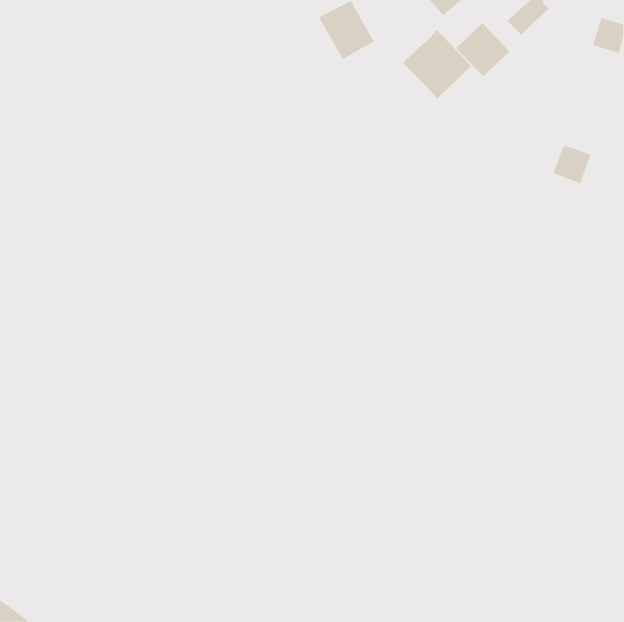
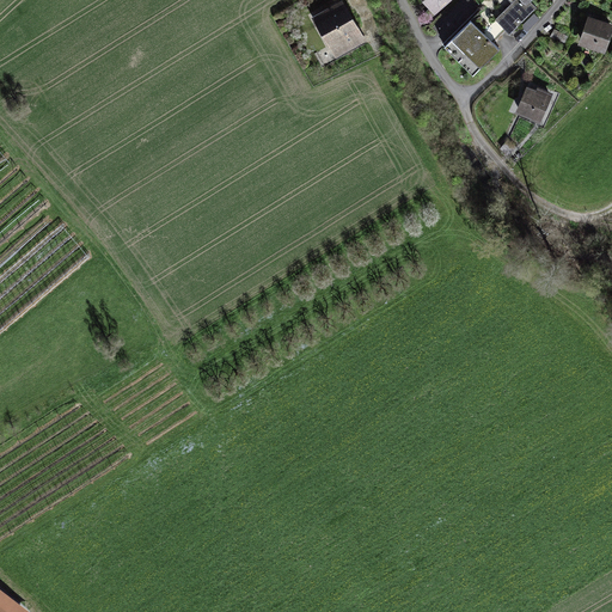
building: [402,29,472,99] -> none
building: [553,145,592,184] -> [515,85,553,123]

